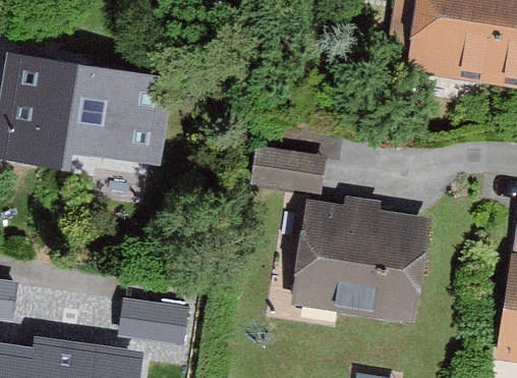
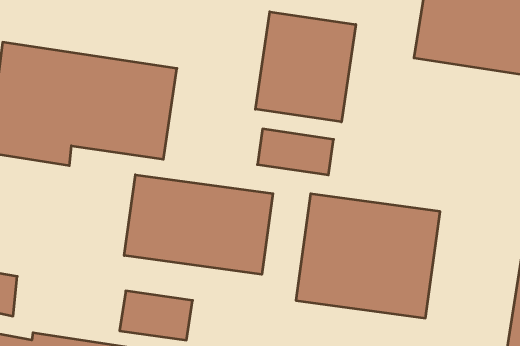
building: none -> [255,12,356,122]
building: none -> [124,175,273,274]

